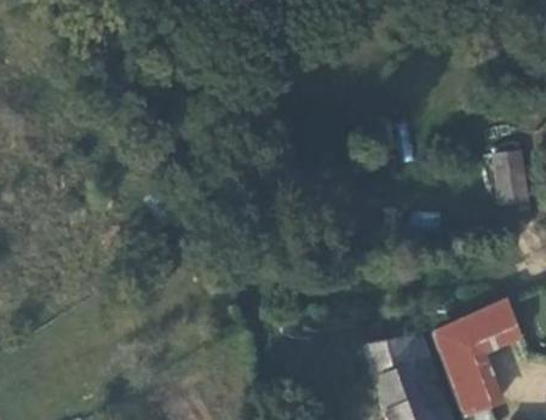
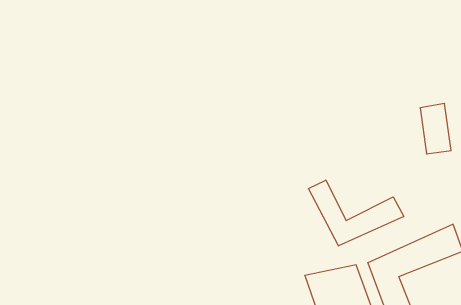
building: none -> [308,180,404,246]

